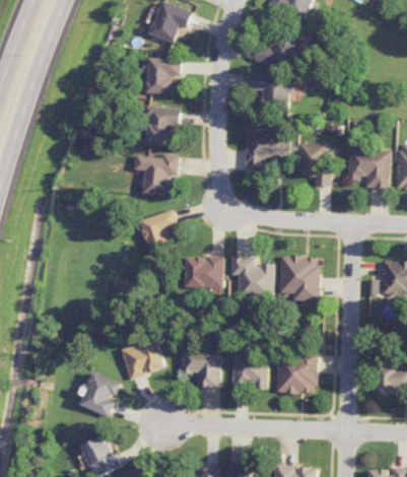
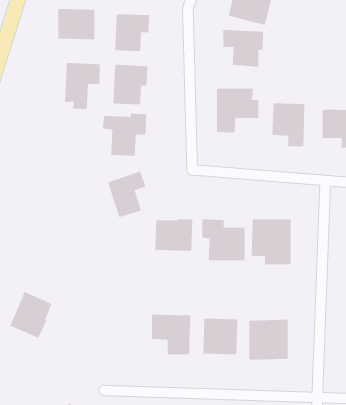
building: none -> [58,8,95,40]
building: none -> [64,62,100,110]
building: [123,340,165,379] -> none
building: [80,371,122,417] -> [9,291,52,338]

